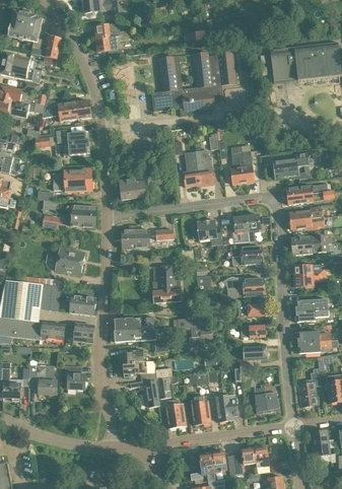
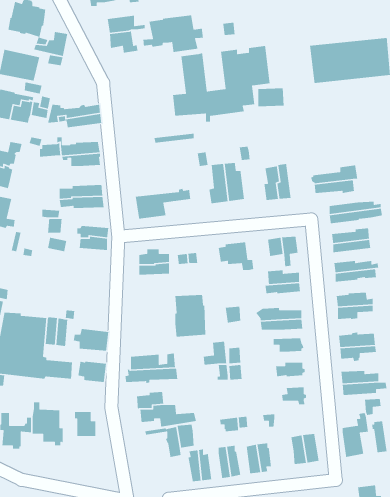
building: none -> [143,14,204,53]
building: [55,247,85,275] -> none

